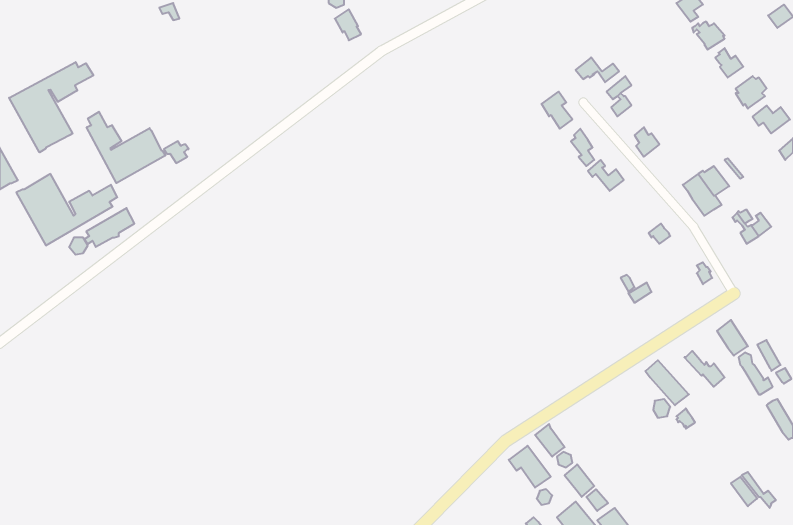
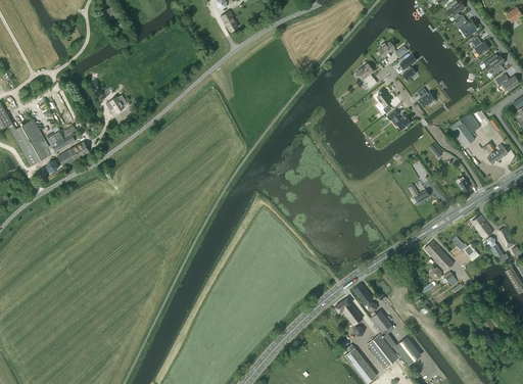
building: [9,62,93,152] -> none
building: [87,112,165,183] -> none

